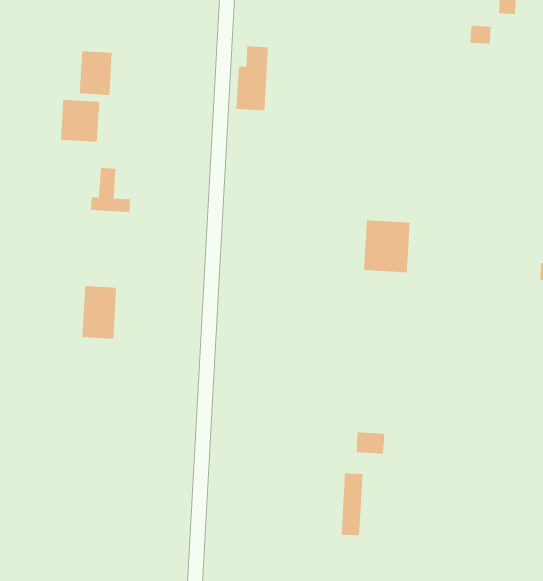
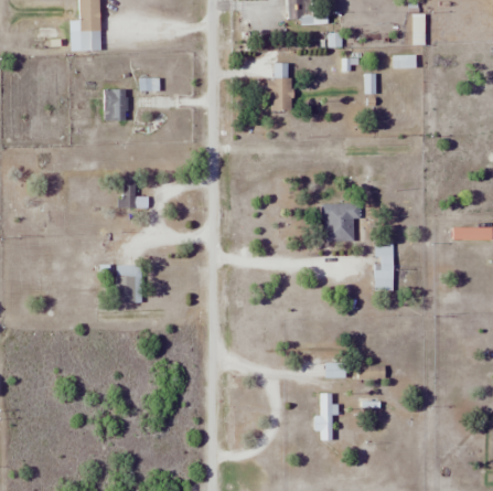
building: [236,46,269,111] -> [269,63,291,110]
building: [61,99,100,143] -> none
building: none -> [375,243,394,290]

